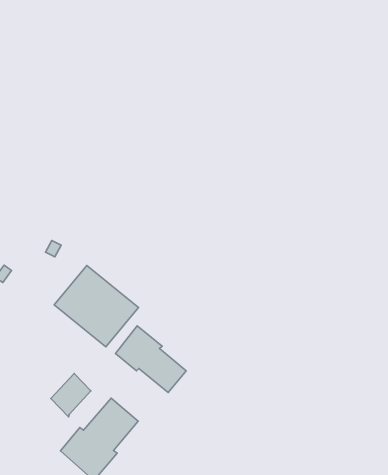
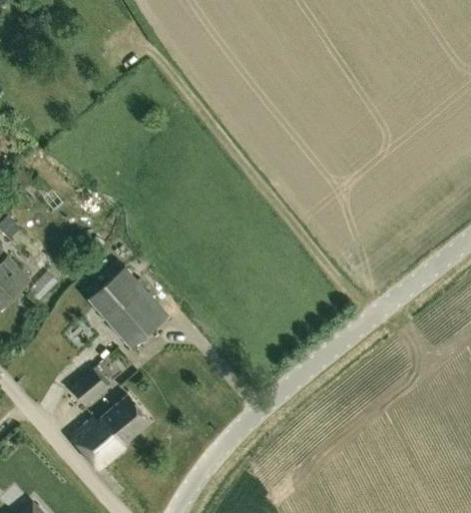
building: [115,326,186,392] -> none

